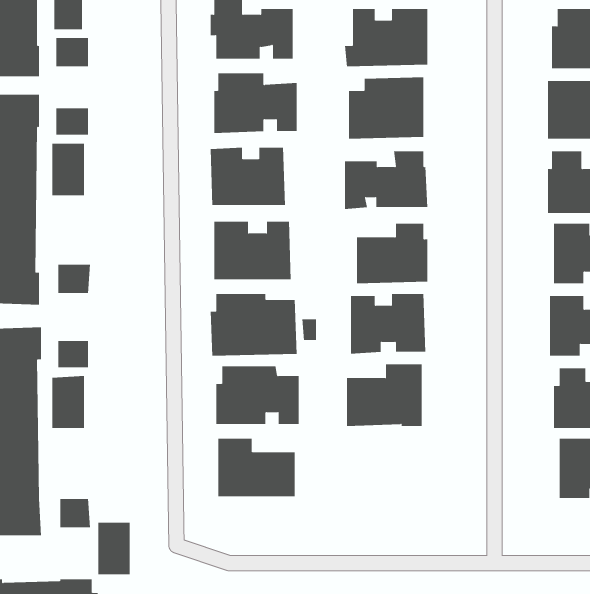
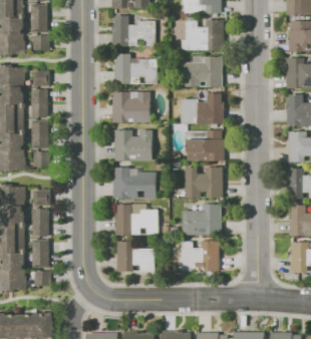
building: none -> [31,120,48,148]
building: none -> [180,240,219,271]
building: [97,522,131,575] -> [30,240,47,267]

